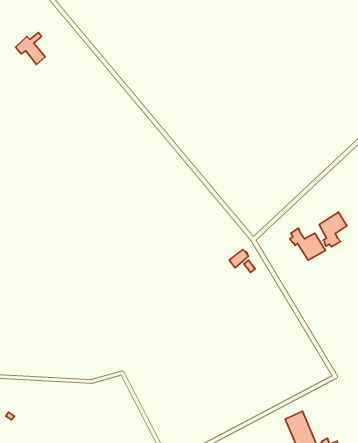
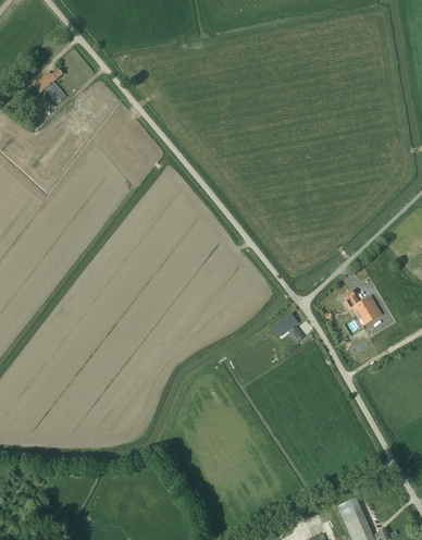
building: [319,212,347,247] -> none

